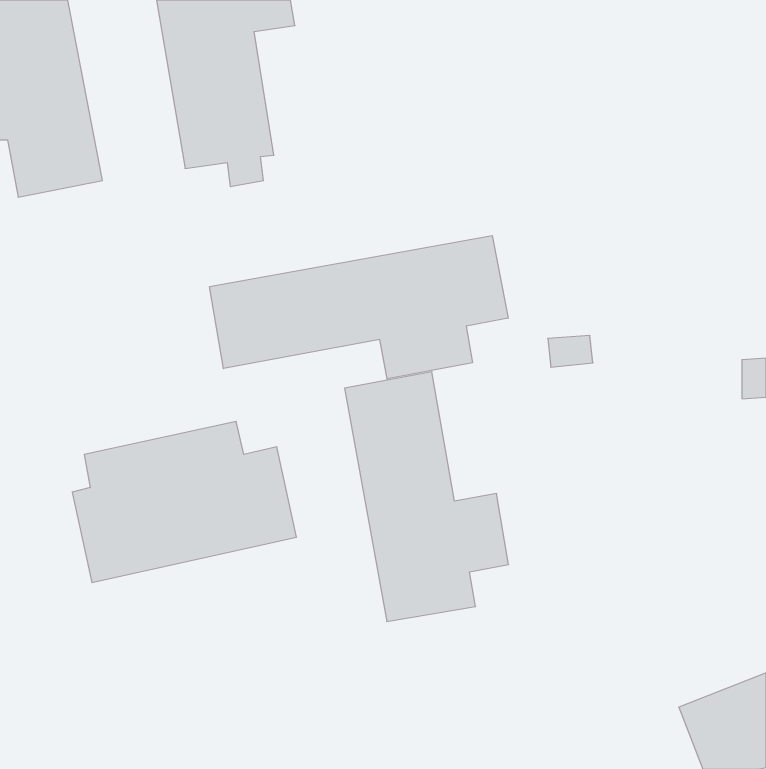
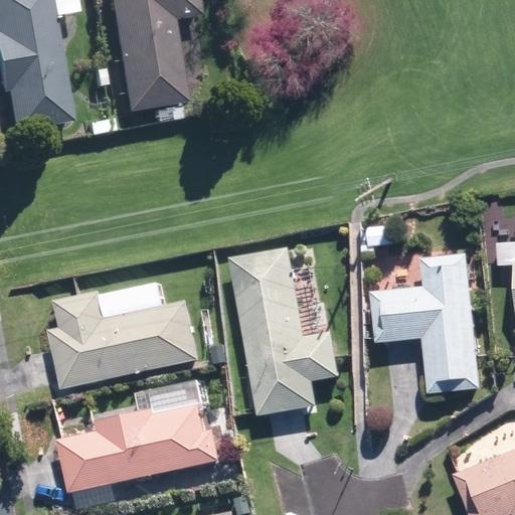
building: [210,236,508,379] -> none
building: none -> [369,253,479,391]
building: none -> [54,379,220,492]

